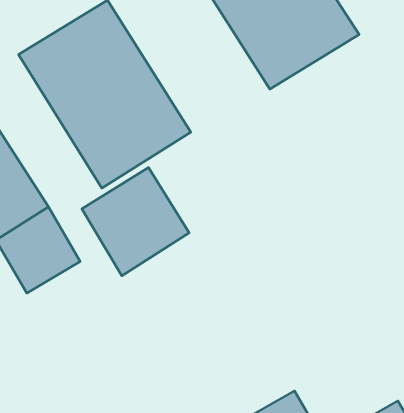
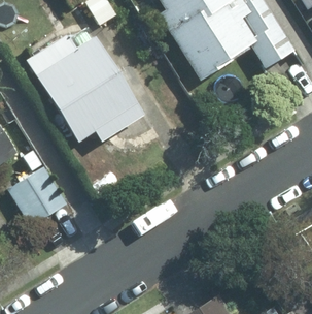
building: [82,168,189,276] -> none

